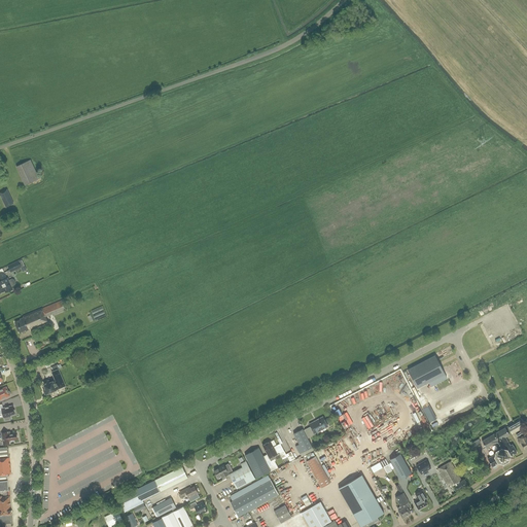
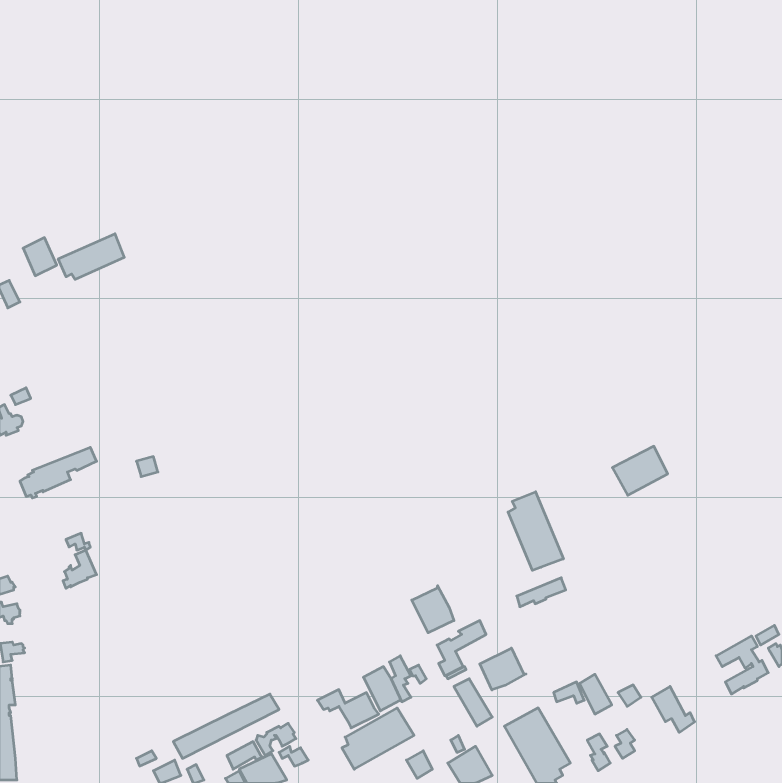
building: none -> [58,234,124,279]
building: none -> [508,492,563,570]
building: [407,355,444,388] -> [612,446,668,495]
building: none -> [412,586,454,633]
building: none -> [480,648,526,690]

